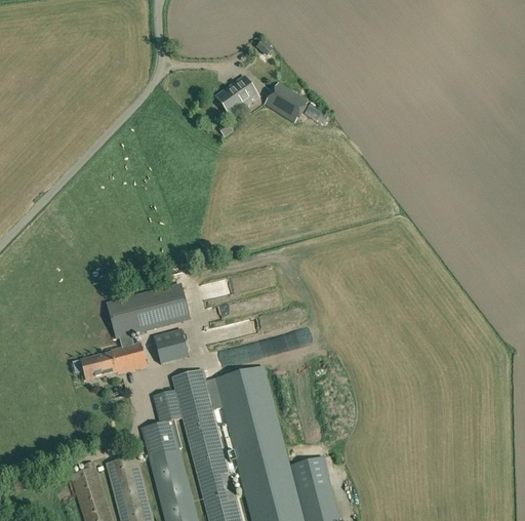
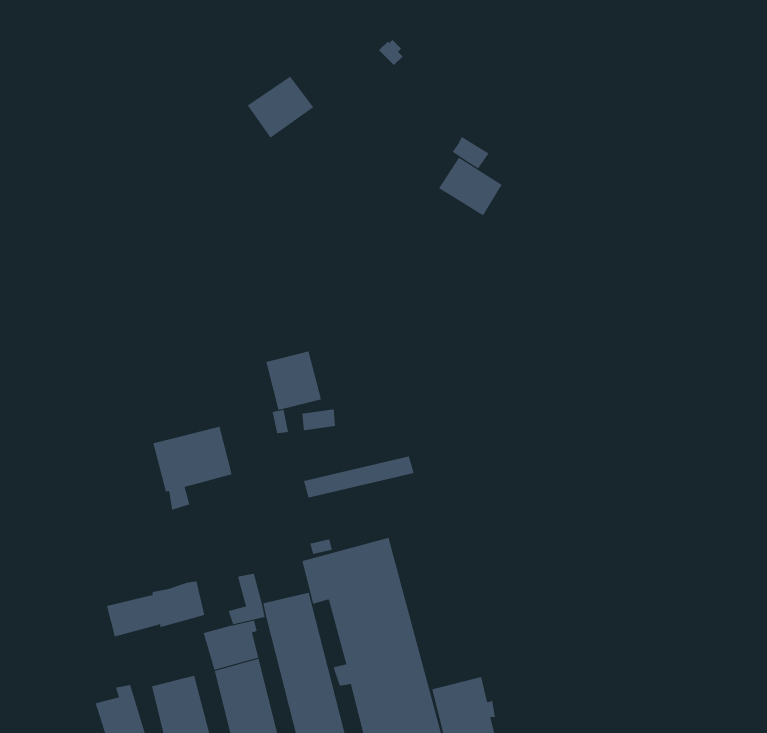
building: [214,76,258,117] -> [247,76,314,138]
building: [265,82,307,121] -> [438,157,502,216]
building: [152,285,189,324] -> [265,351,322,410]
building: [153,328,189,364] -> none
building: [80,343,145,379] -> [106,581,205,637]
building: [171,368,210,408] -> none

